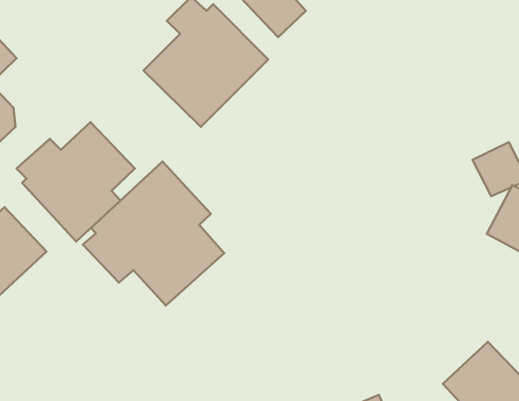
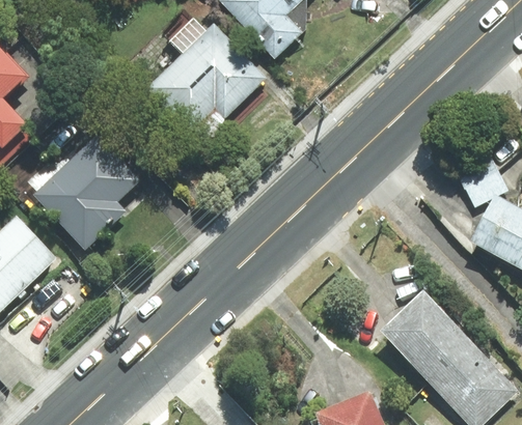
building: [83,162,224,305] -> none
building: none -> [381,290,472,382]

